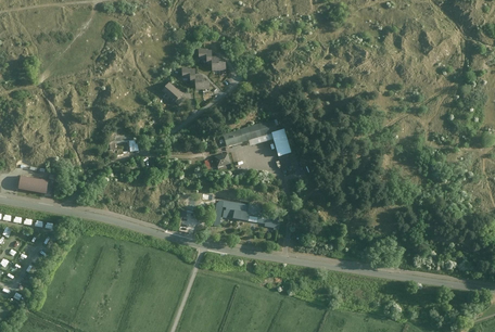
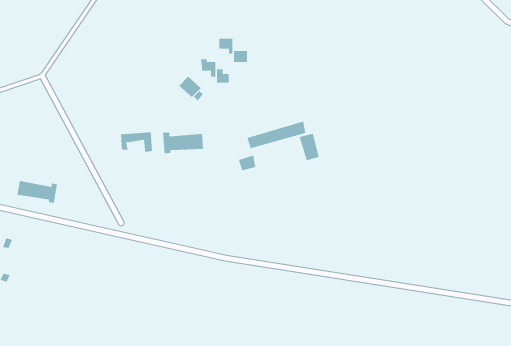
building: none -> [163,132,203,154]
building: [213,200,259,226] -> none

